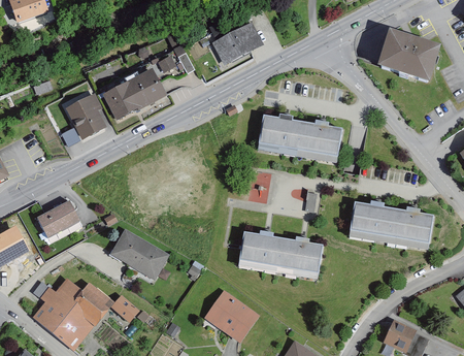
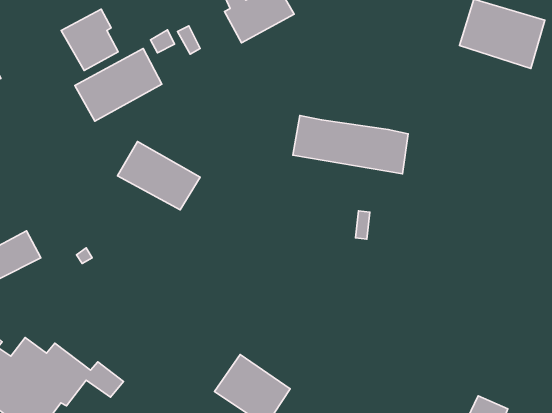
building: [64,94,105,138] -> [61,9,118,70]
building: [350,201,433,244] -> none
building: [109,228,169,278] -> [118,142,200,210]
building: [239,232,323,274] -> none

